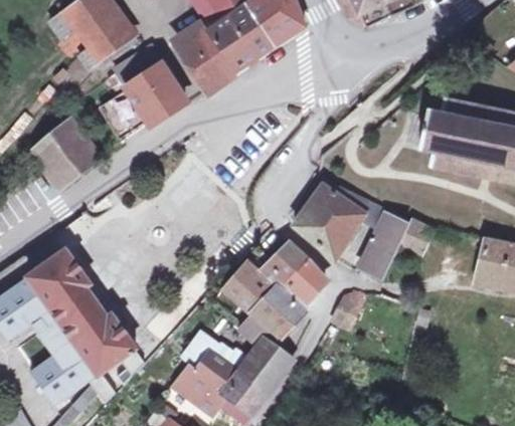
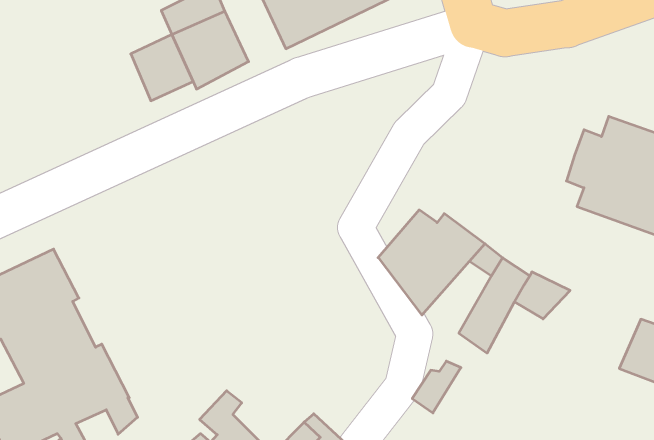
building: [30,119,103,186] -> none
building: [222,243,322,339] -> none

